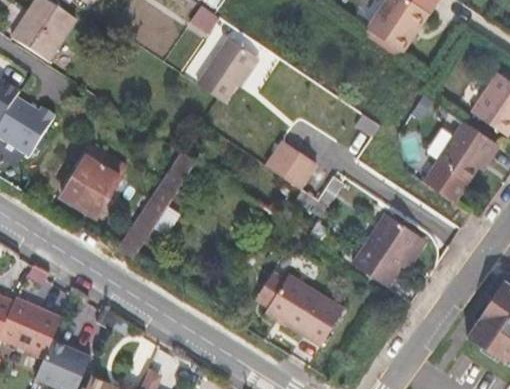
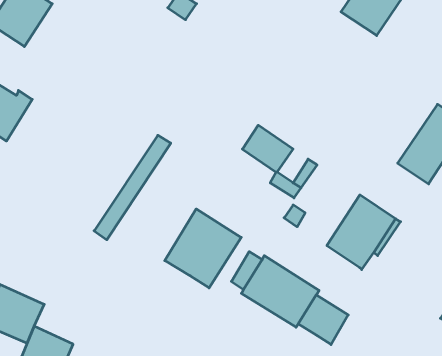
building: [197,36,259,101] -> none
building: [60,143,127,217] -> none
building: none -> [165,209,241,288]
building: none -> [298,295,348,345]

